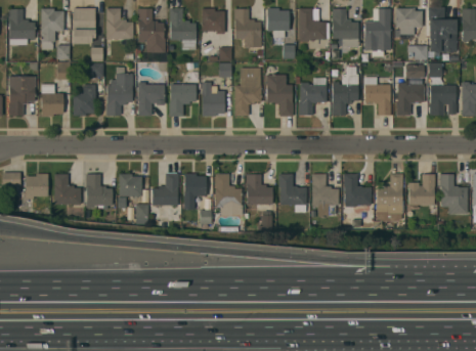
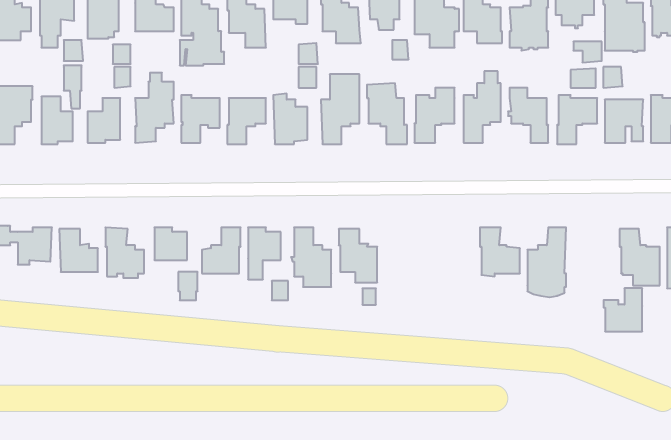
building: [278,173,305,212] -> none
building: [311,173,338,216] -> none
building: [407,174,434,204] -> [604,288,642,331]

